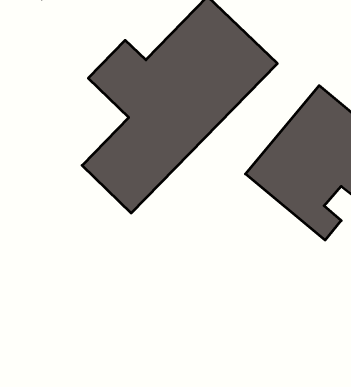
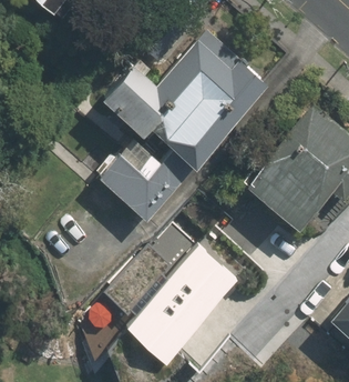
building: none -> [124,245,237,361]

